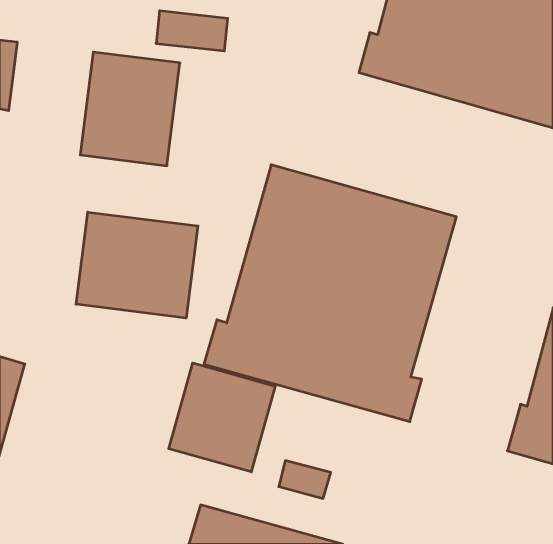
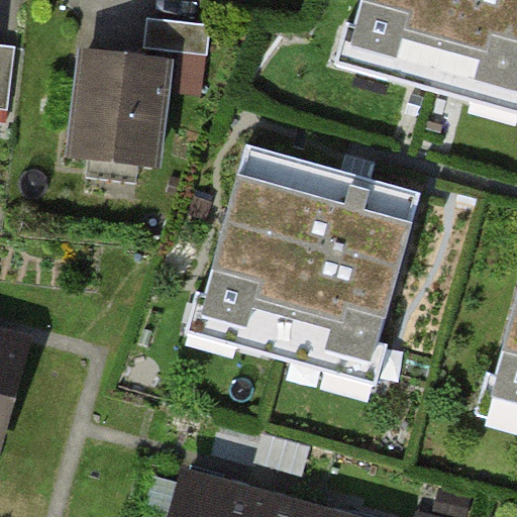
building: [76,212,198,318] -> none
building: [169,363,275,472] -> none

